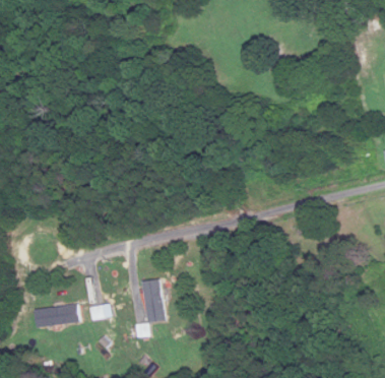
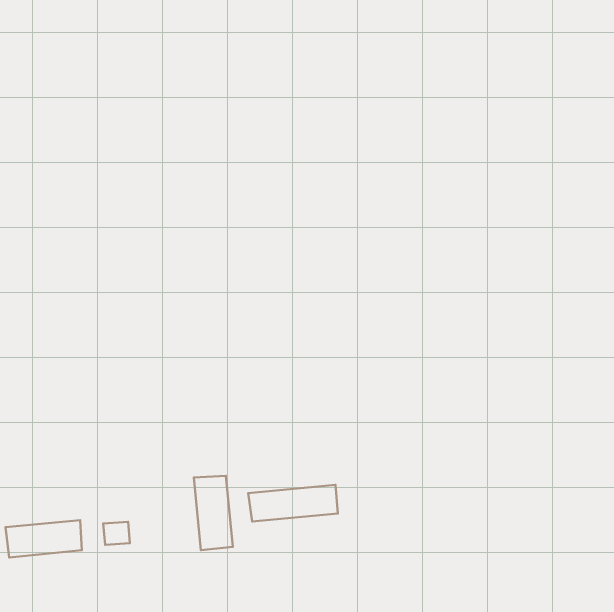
building: none -> [248,485,338,522]

